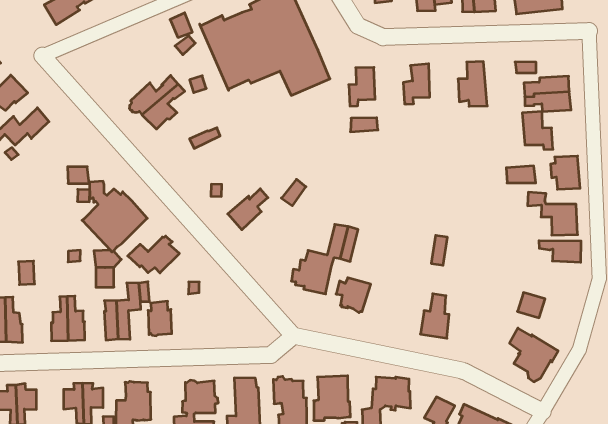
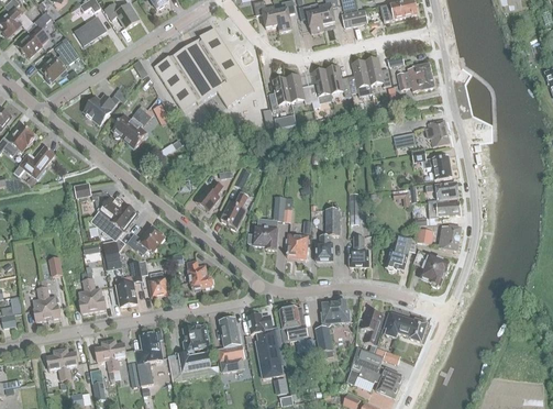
building: none -> [82,86,130,123]
building: none -> [325,66,352,93]
building: none -> [286,74,312,101]
building: [522,111,553,149] -> [365,57,391,85]
building: none -> [220,190,247,229]
building: none -> [316,208,340,259]
building: none -> [423,197,461,217]
building: none -> [187,259,212,289]
building: none -> [439,224,462,251]
building: none -> [386,233,416,272]

